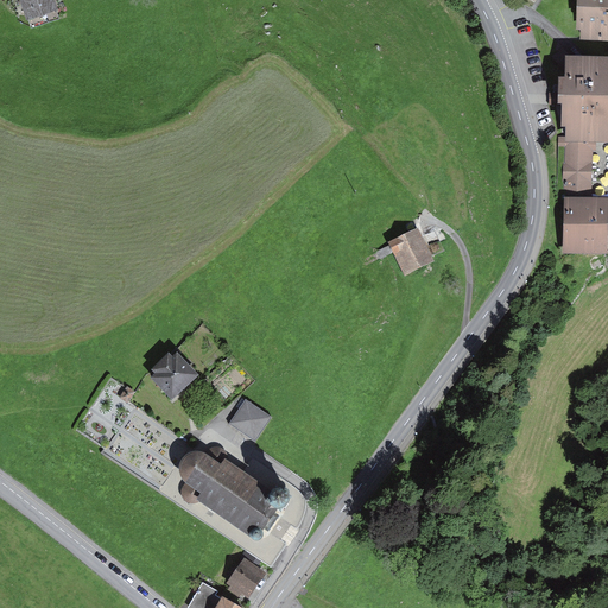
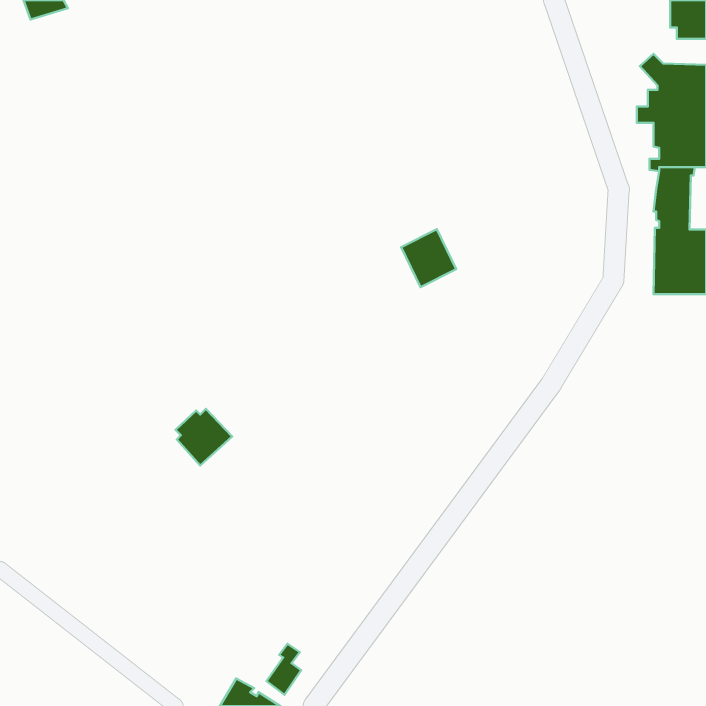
building: [387,227,435,277] -> [401,229,456,287]
building: [229,399,272,442] -> none
building: [182,449,291,540] -> none

